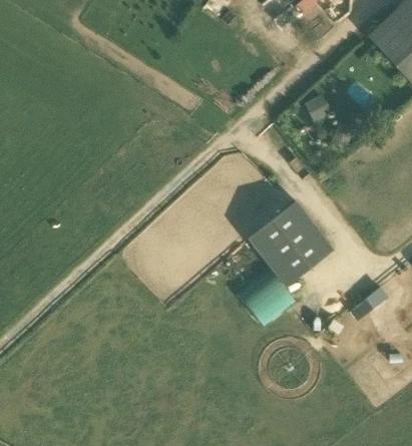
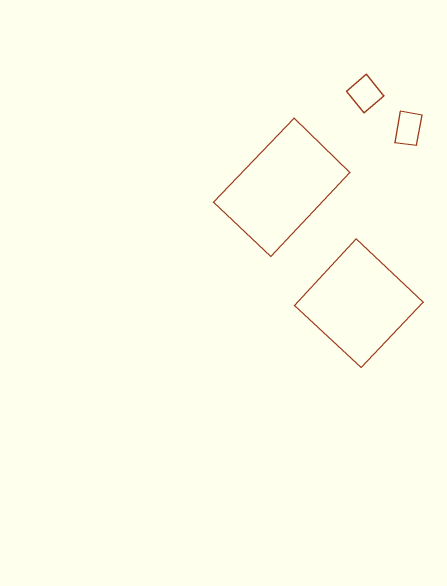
building: none -> [213,118,350,256]

